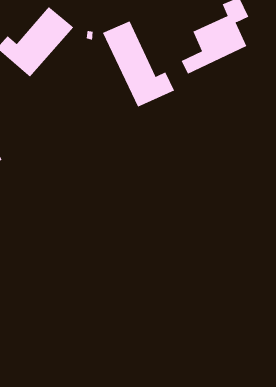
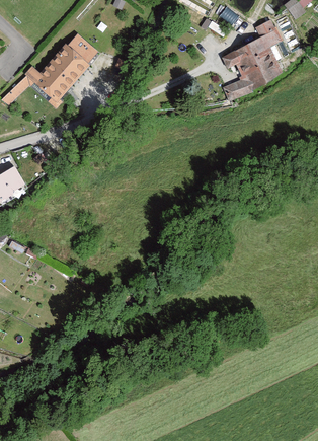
building: [102,21,175,108] -> none

